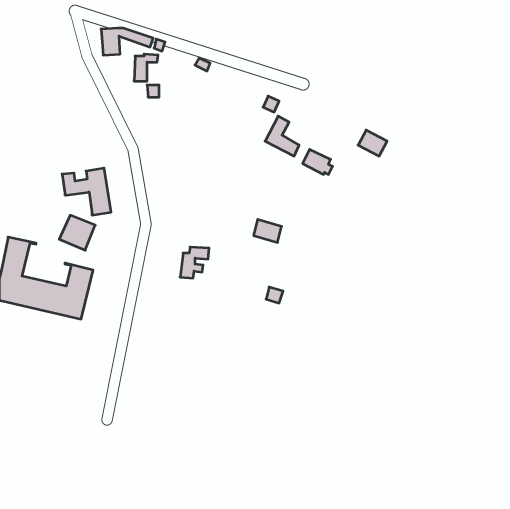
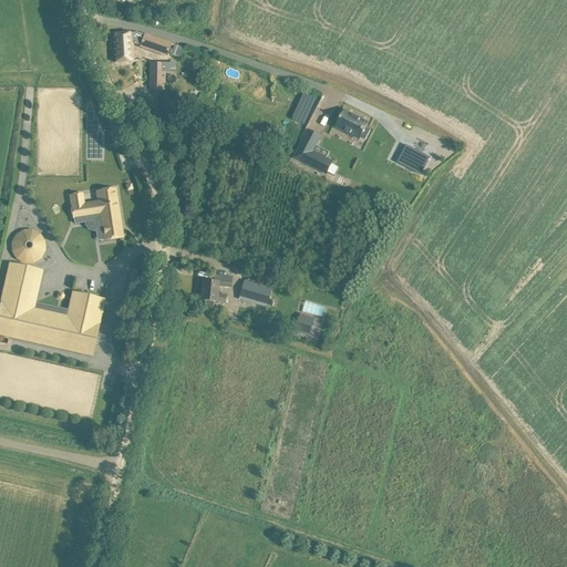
building: [303,149,333,174] -> [336,110,369,137]
building: [59,215,95,250] -> [7,225,47,264]
building: [254,219,282,242] -> [238,279,269,305]

